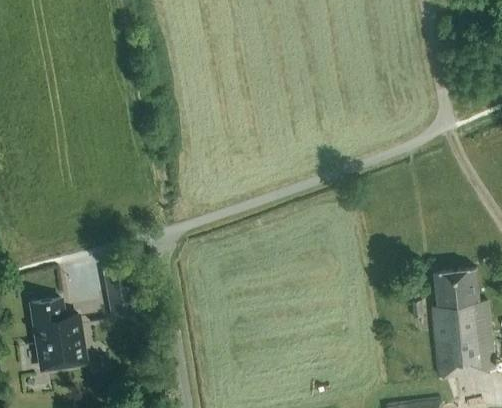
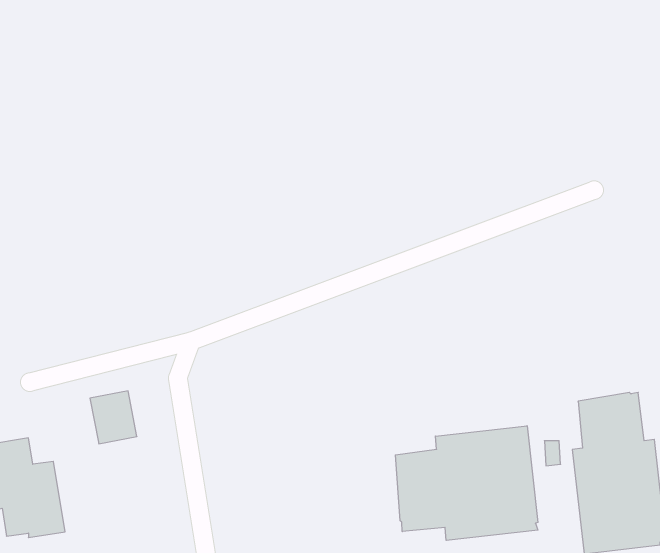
building: none -> [395,426,538,540]

